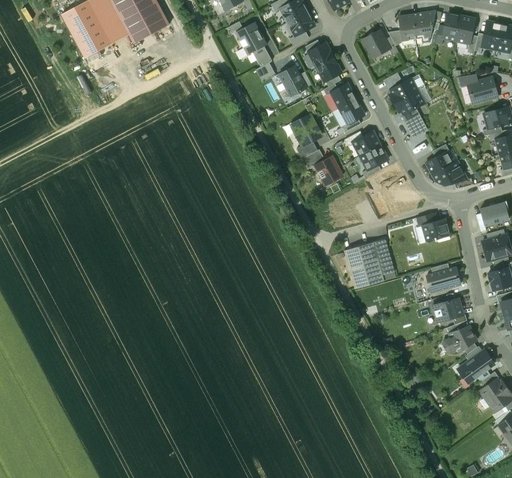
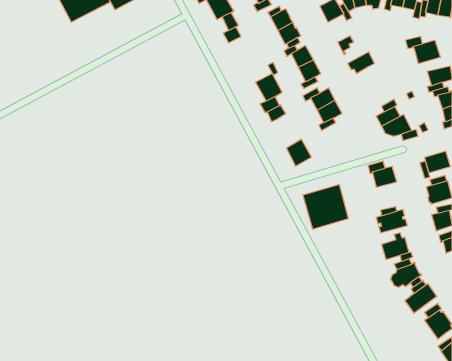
building: [279,66,307,97] -> none
building: [390,79,418,104] -> none
building: [399,108,428,139] -> none
building: [315,156,343,186] -> [286,139,311,166]

